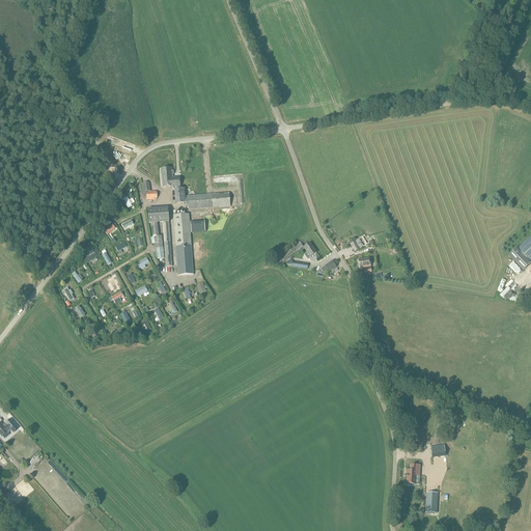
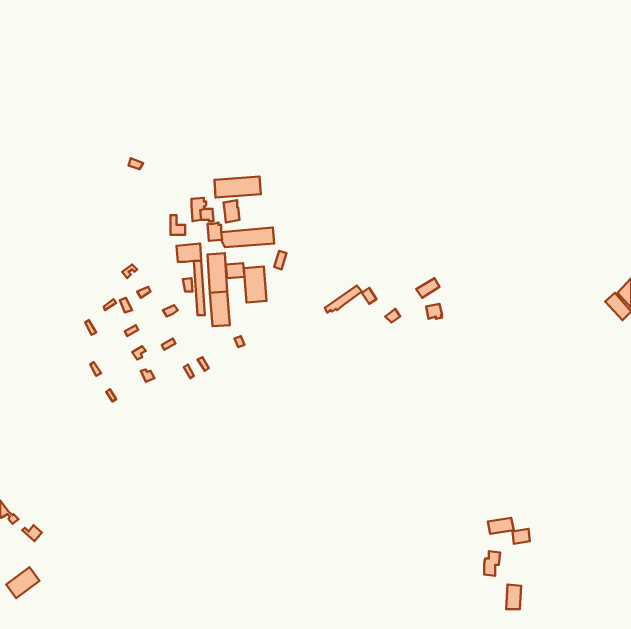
building: none -> [214,176,261,198]
building: none -> [244,267,266,302]

